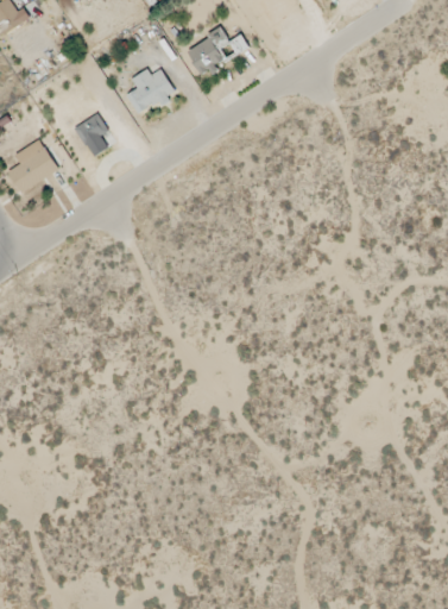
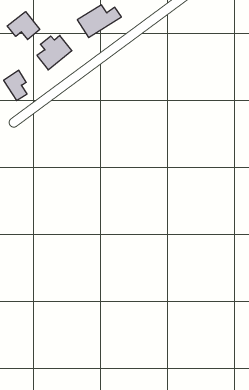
building: none -> [7,12,40,40]

